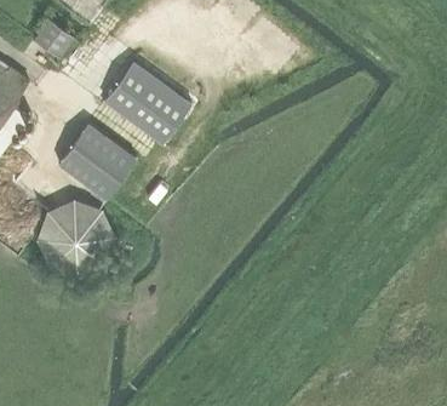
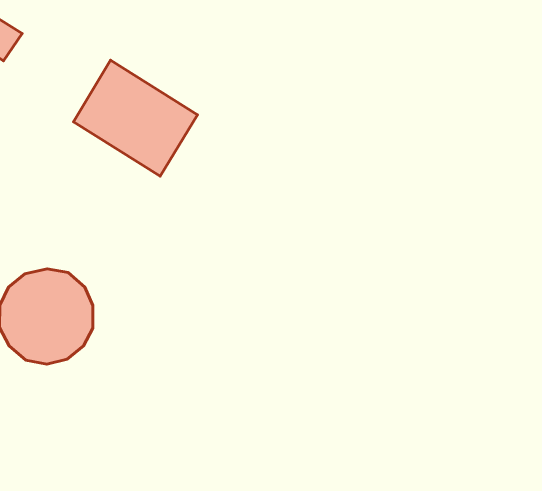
building: [58,124,131,196] -> none

